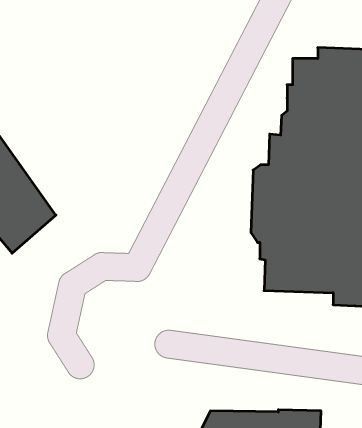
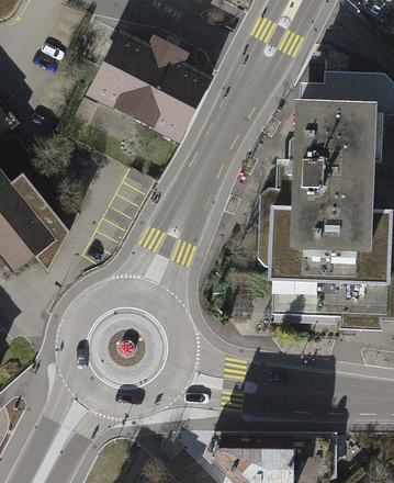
building: none -> [90,32,209,137]

